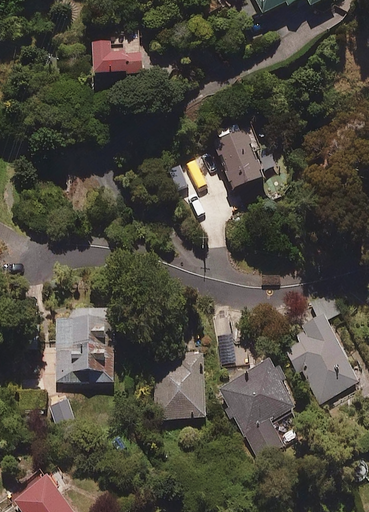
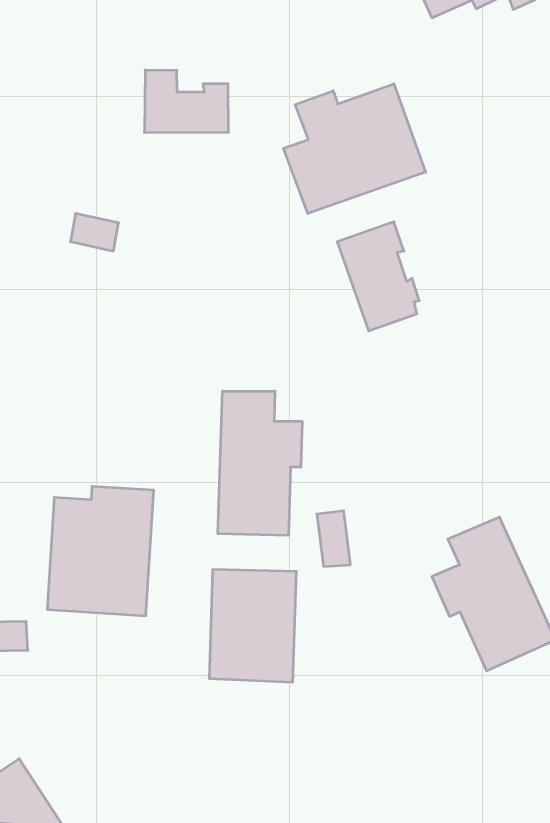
building: none -> [284,84,426,214]
building: none -> [218,391,302,535]
building: [215,356,297,450] -> none

